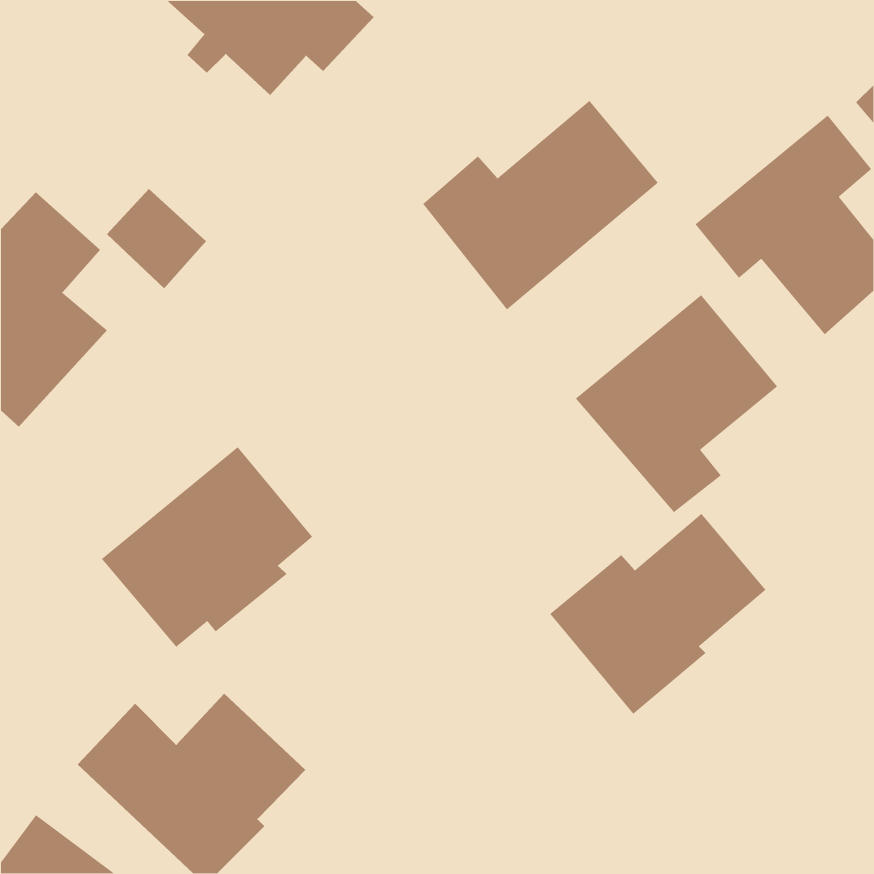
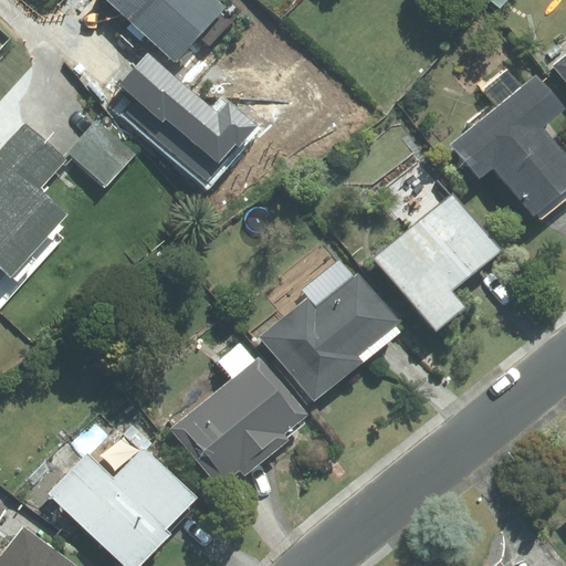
building: none -> [118,53,255,182]
building: [422,100,659,311] -> none
building: [101,446,313,648] -> [170,356,307,486]
building: [549,513,766,715] -> [260,271,400,401]

